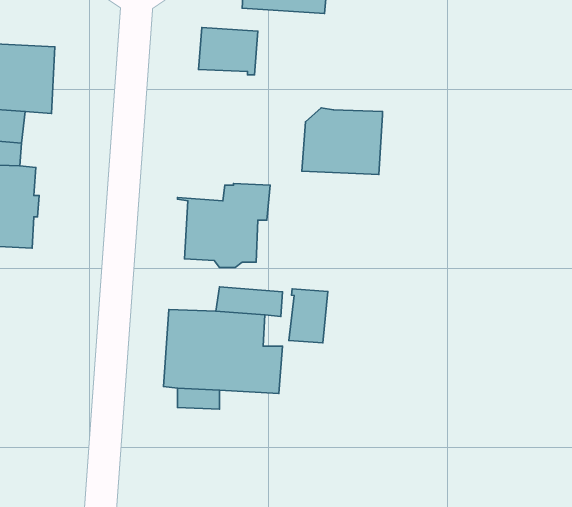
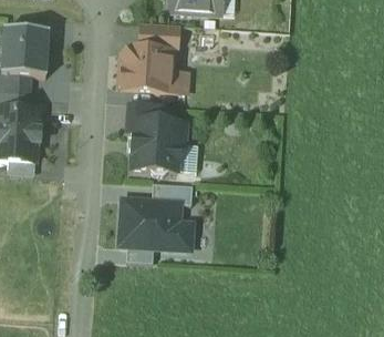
building: [302,108,382,175] -> [121,48,172,90]
building: none -> [127,101,164,132]
building: [289,289,328,343] -> none

